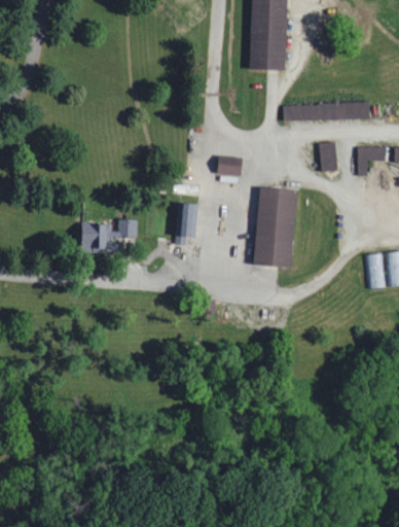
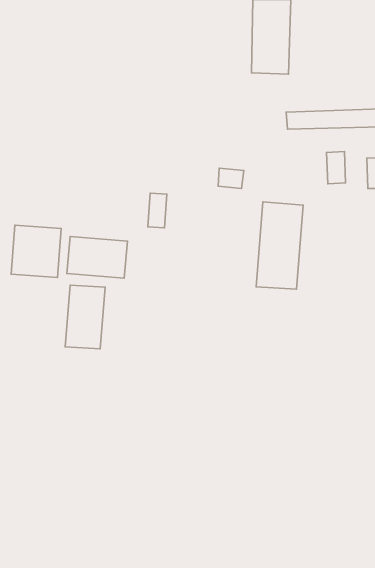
building: [178,203,195,235] -> [148,193,167,228]
building: none -> [11,225,61,277]
building: none -> [65,285,105,349]

